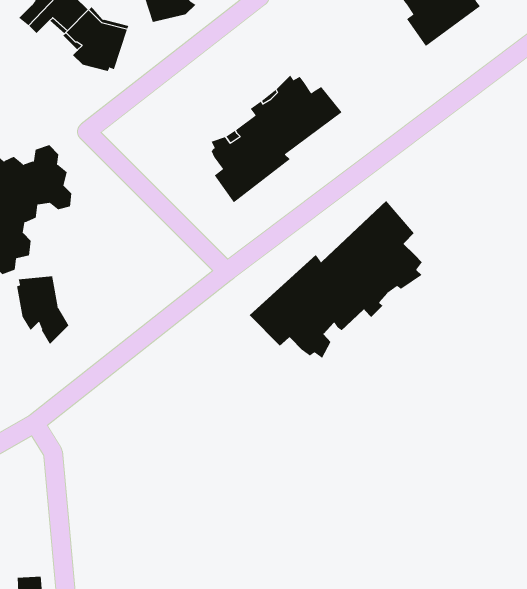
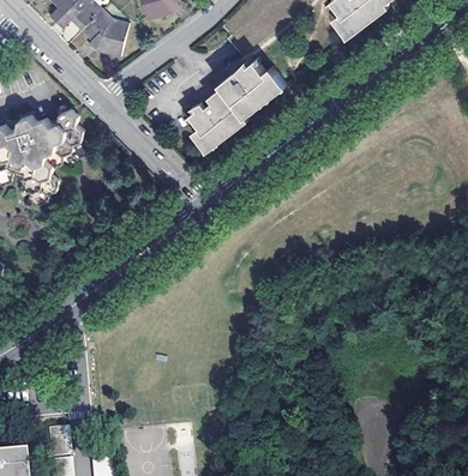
building: [249,200,422,359] -> none
building: [17,276,69,345] -> none

